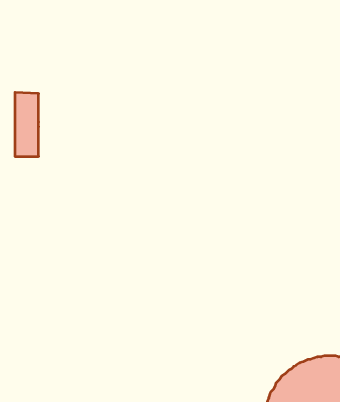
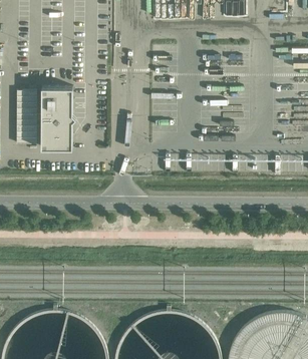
building: none -> [40,90,75,151]

